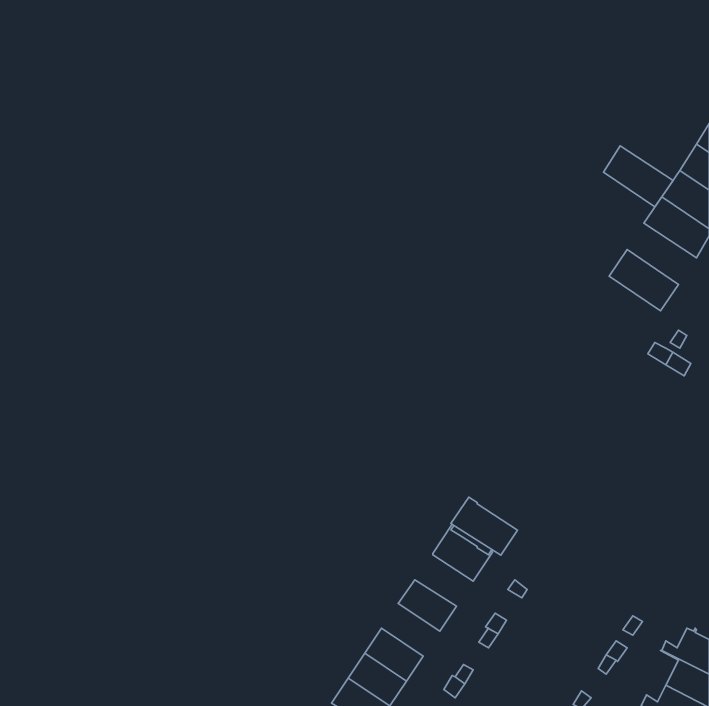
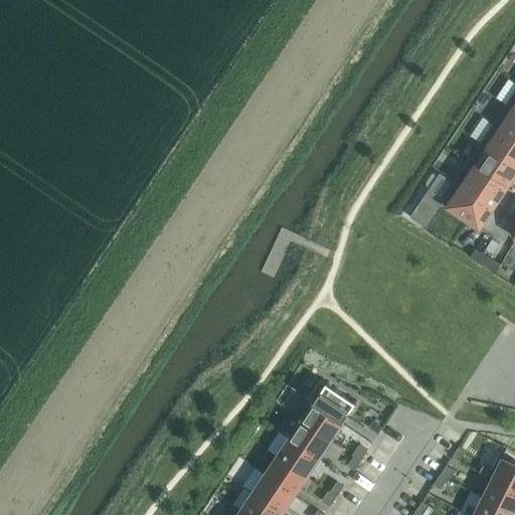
building: [604,146,673,207] -> [455,164,505,208]
building: [451,497,518,555] -> [295,399,343,442]
building: none -> [277,440,319,478]

